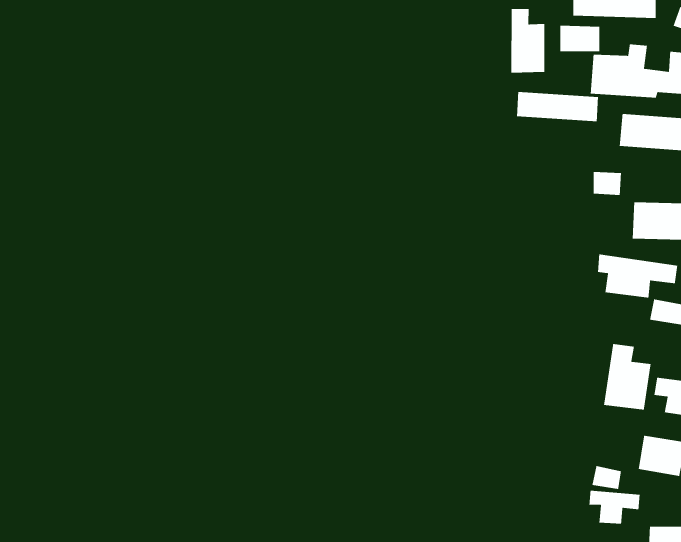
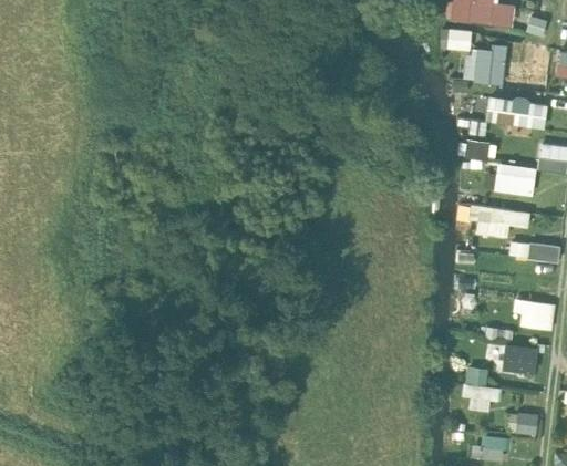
building: [510,8,545,73] -> none
building: [516,91,599,122] -> none
building: [603,343,651,411] -> none

